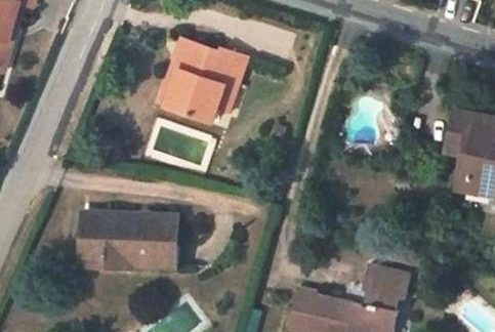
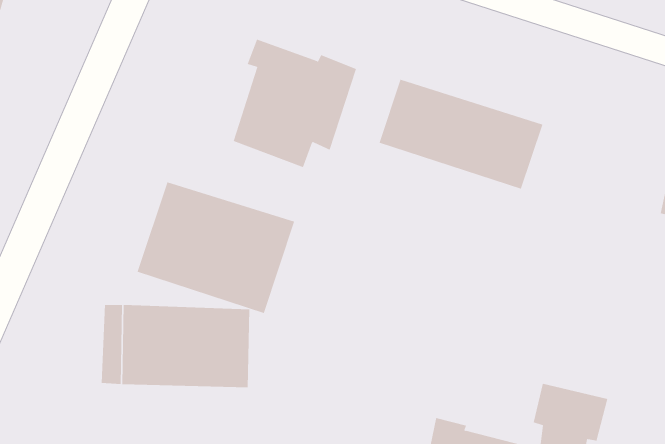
building: none -> [379,79,543,190]
building: none -> [137,181,295,314]

